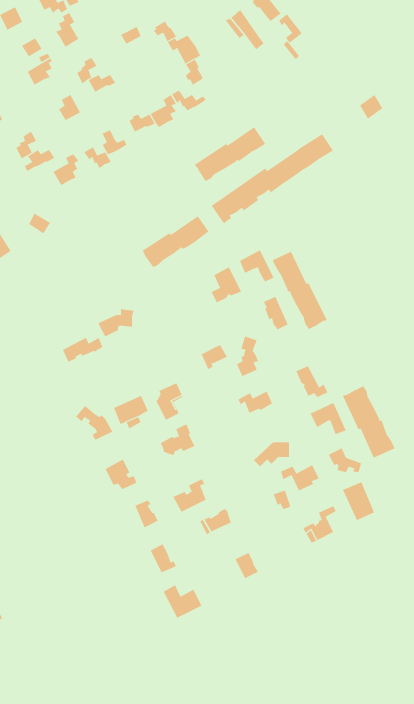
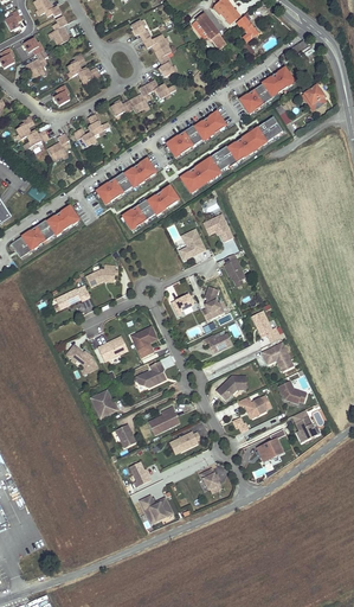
building: none -> [238,66,294,111]
building: none -> [96,158,155,203]
building: none -> [9,204,78,256]
building: [272,251,328,330] -> none
building: [342,386,395,459] -> none

